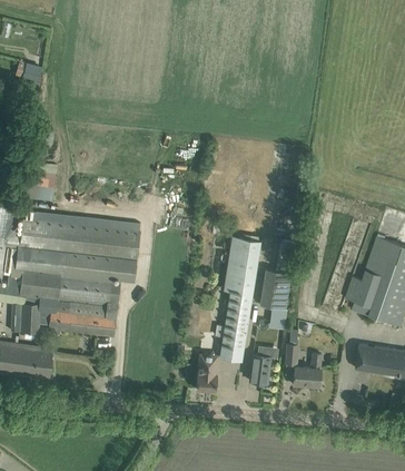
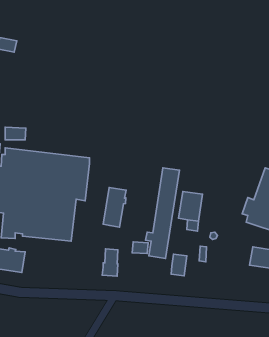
building: none -> [103,188,126,227]
building: [293,353,320,387] -> none
building: [195,354,216,391] -> [102,249,118,276]

